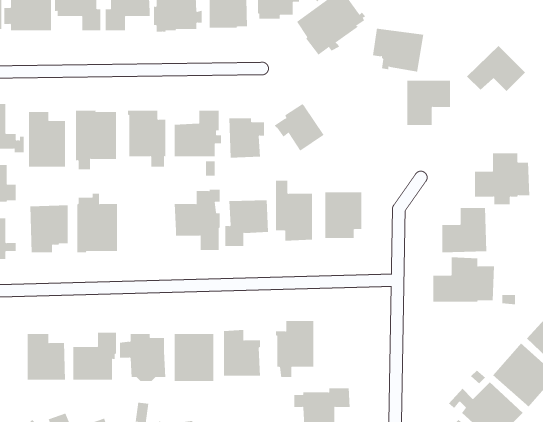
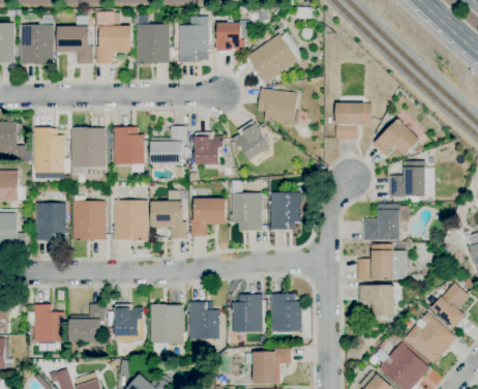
building: [372,28,424,72] -> [257,89,298,124]
building: [466,45,526,92] -> [371,119,419,156]
building: none -> [112,201,147,241]
building: none -> [358,286,394,316]
building: none -> [270,294,301,332]

